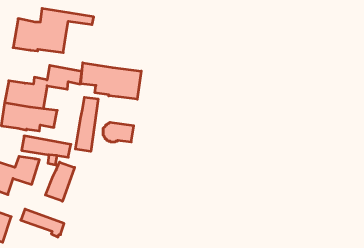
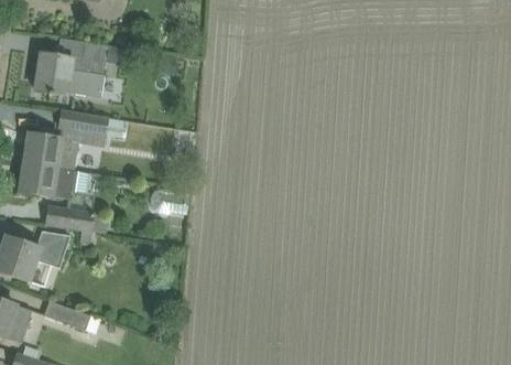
building: [81,63,141,99] -> none
building: [75,97,98,151] -> none
building: [45,162,75,201] -> none

